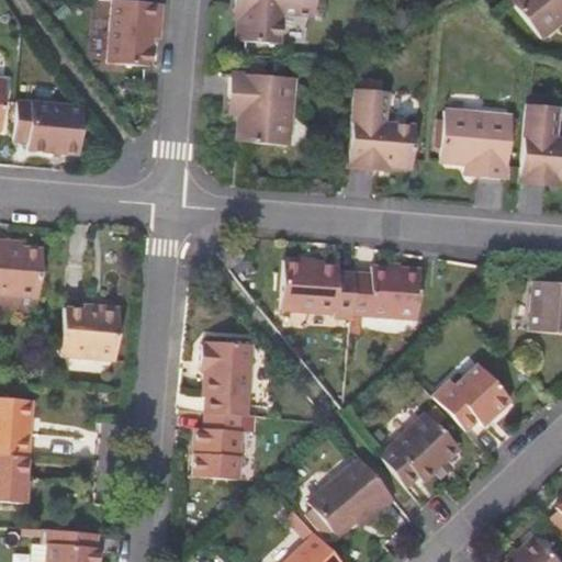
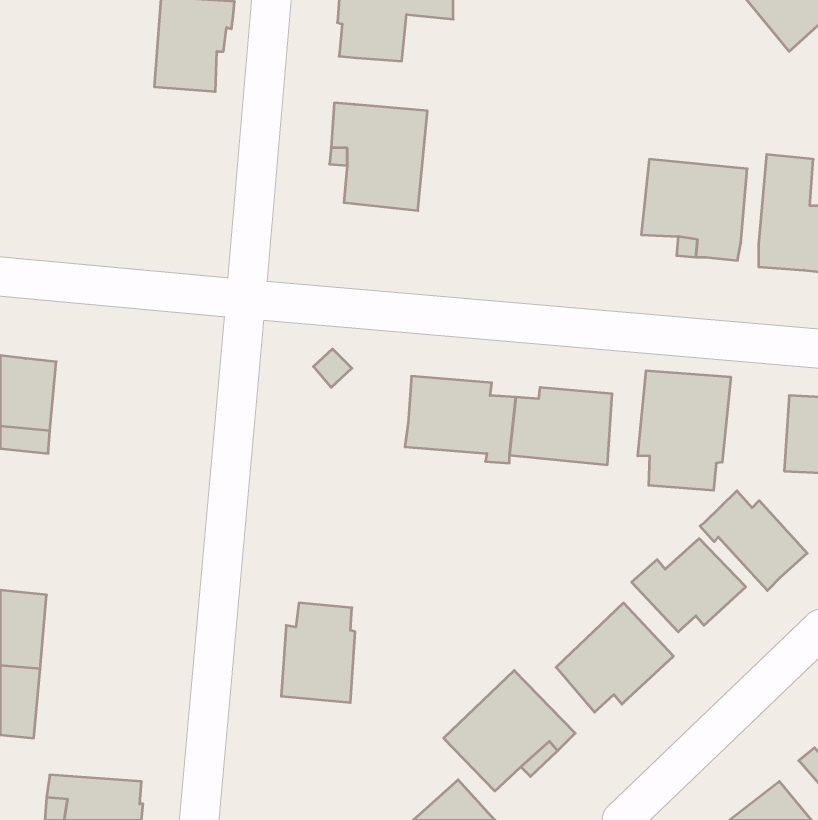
building: [349,89,416,170] -> none
building: [15,101,87,155] -> none
building: none -> [638,371,731,490]
building: [63,304,122,358] -> none
building: none -> [700,491,807,591]
building: [204,349,255,416] -> none

